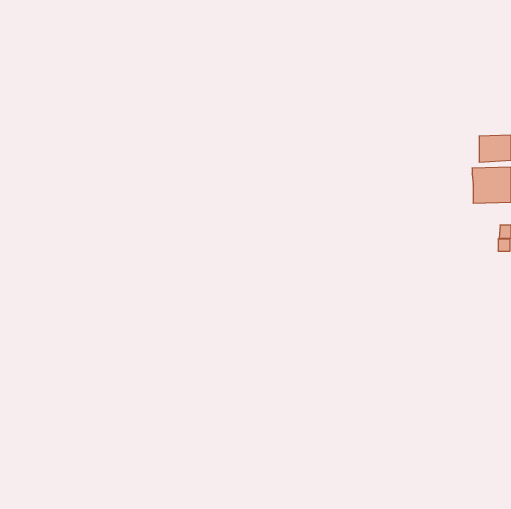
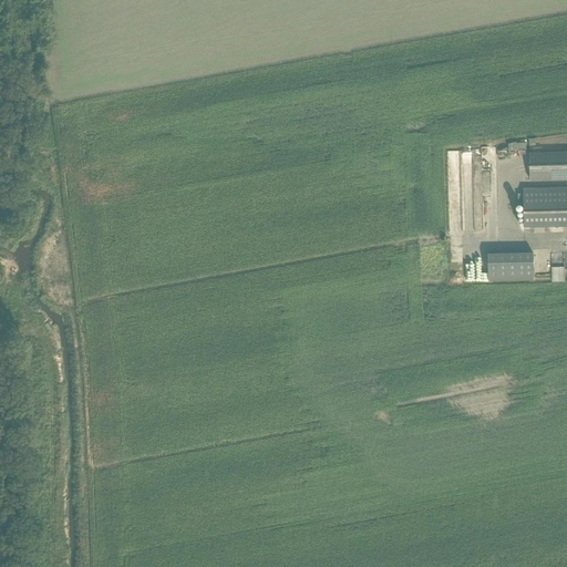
building: none -> [488,251,534,279]

